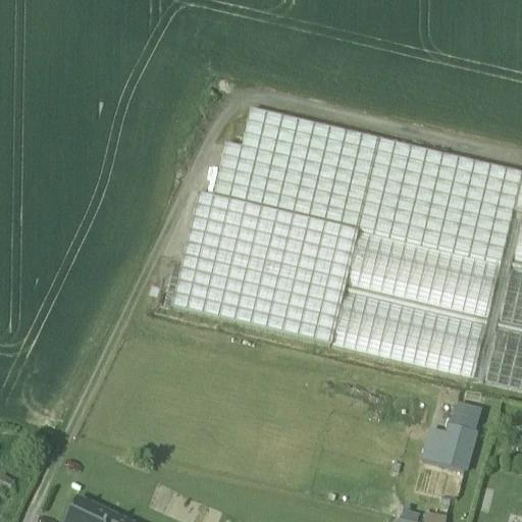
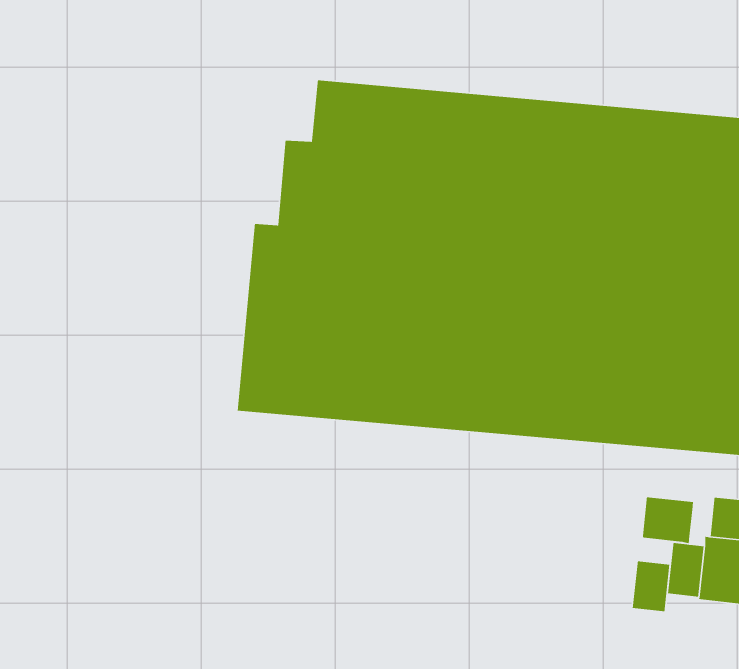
building: none -> [642,497,694,544]
building: none -> [632,561,670,612]

